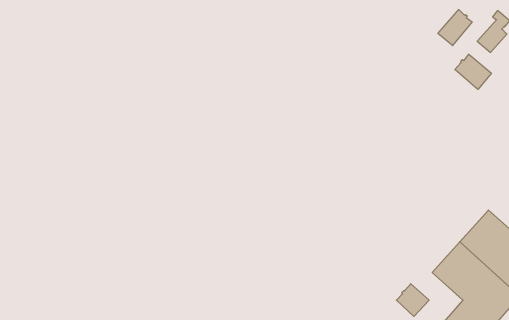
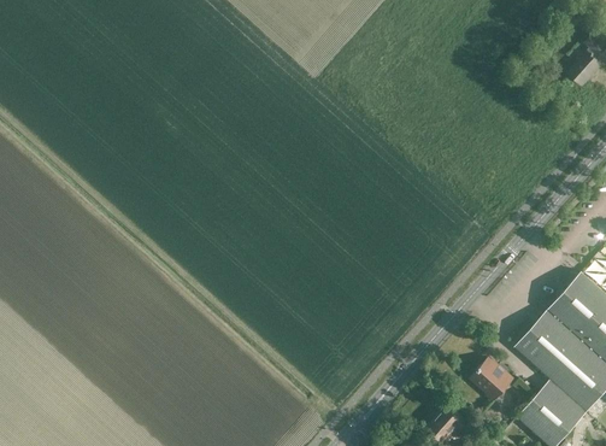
building: [438,10,472,46] -> none
building: [455,54,491,89] -> none

